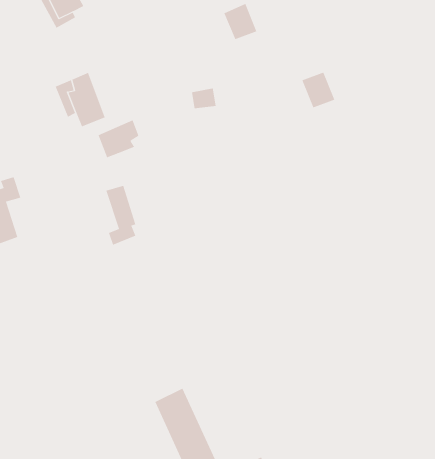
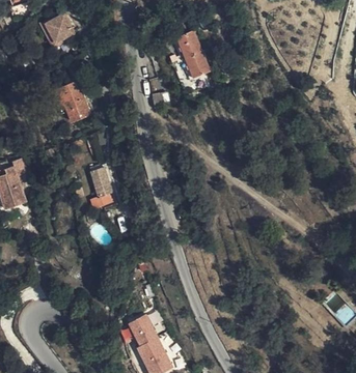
building: [301,72,335,108] -> [185,52,210,79]
building: [98,120,139,158] -> none

